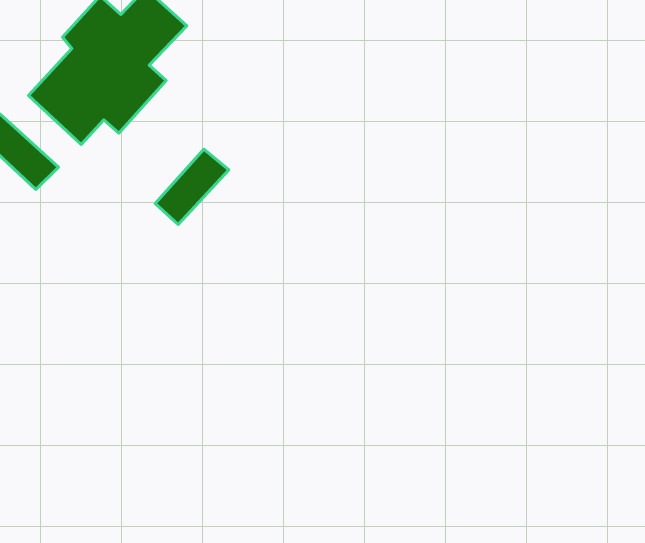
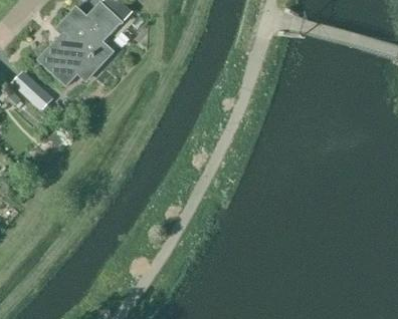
building: [155,149,229,224] -> none

